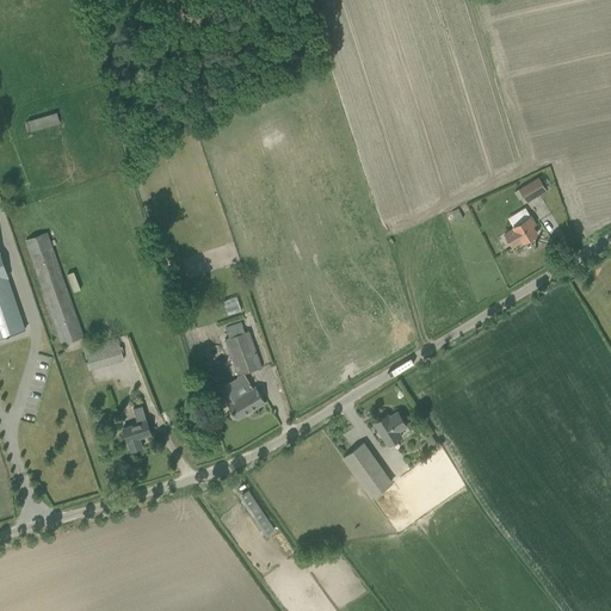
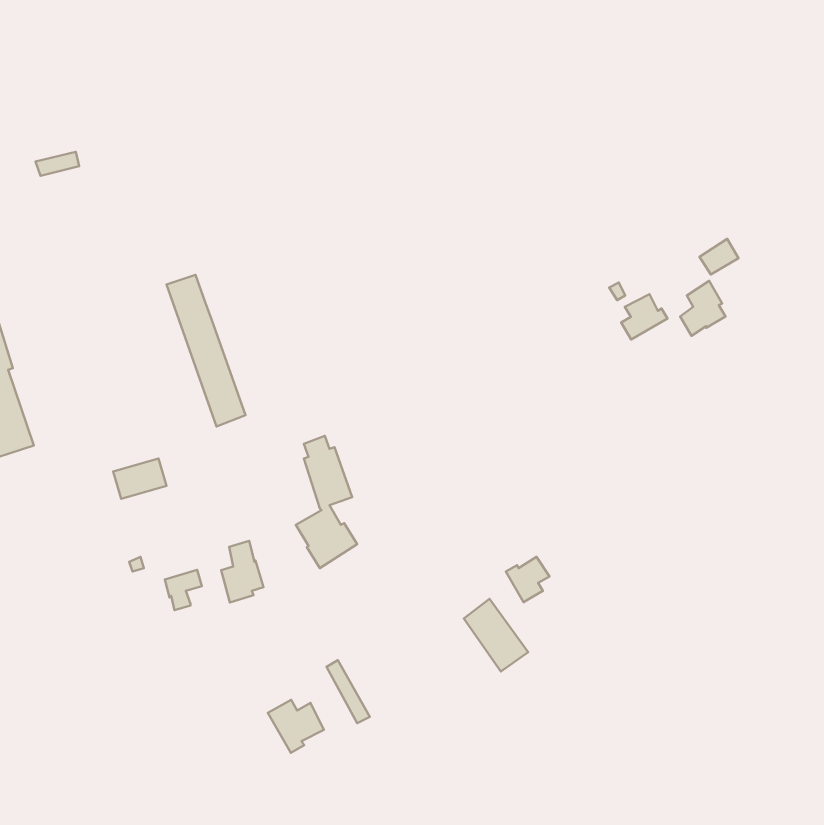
building: none -> [621,294,667,340]
building: [24,232,82,344] -> [166,275,246,427]
building: none -> [221,541,264,602]
building: none -> [268,700,324,753]

